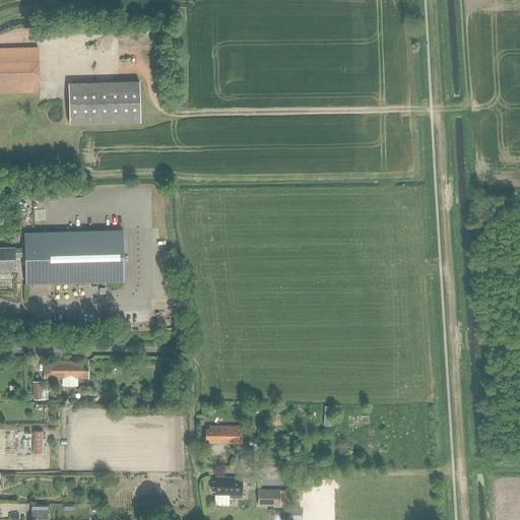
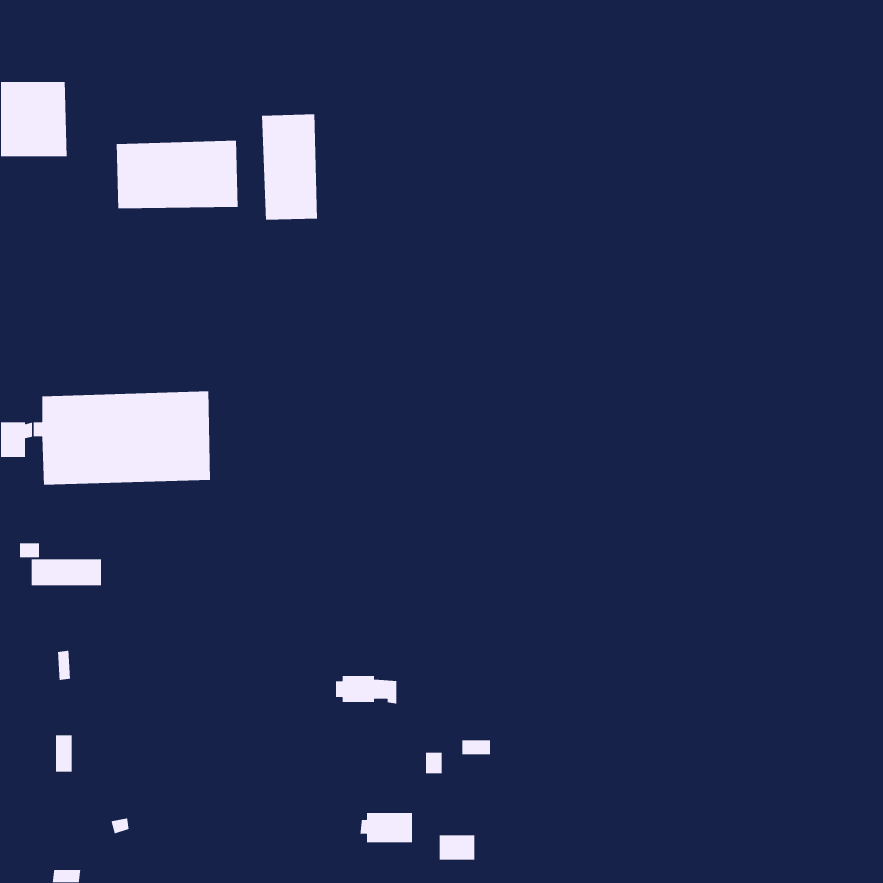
building: none -> [261,114,318,221]
building: [46,362,87,378] -> [31,558,102,586]
building: [205,427,242,444] -> [335,675,397,705]

